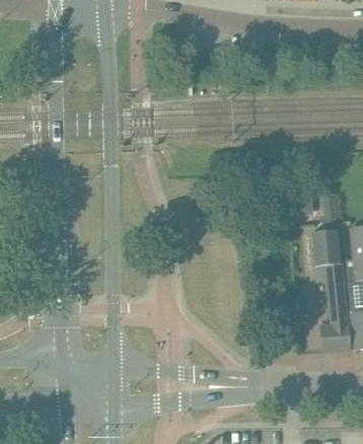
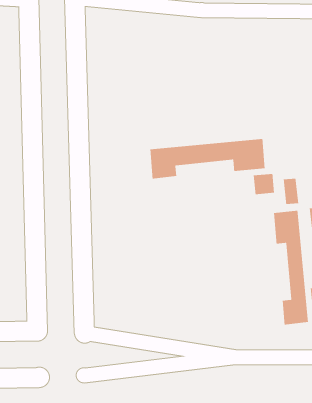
building: none -> [150,138,266,180]

